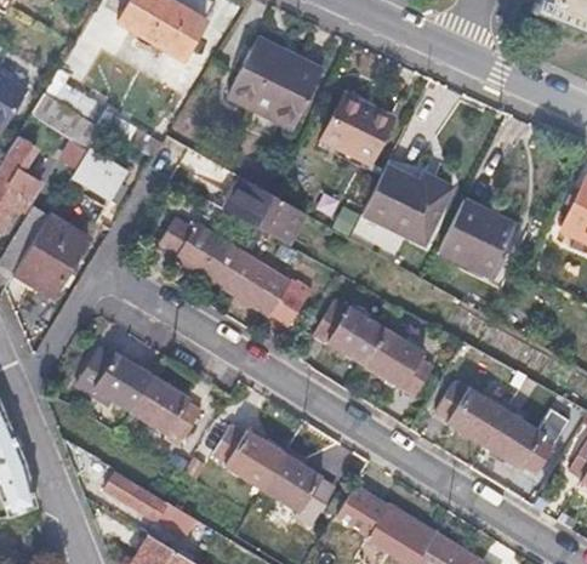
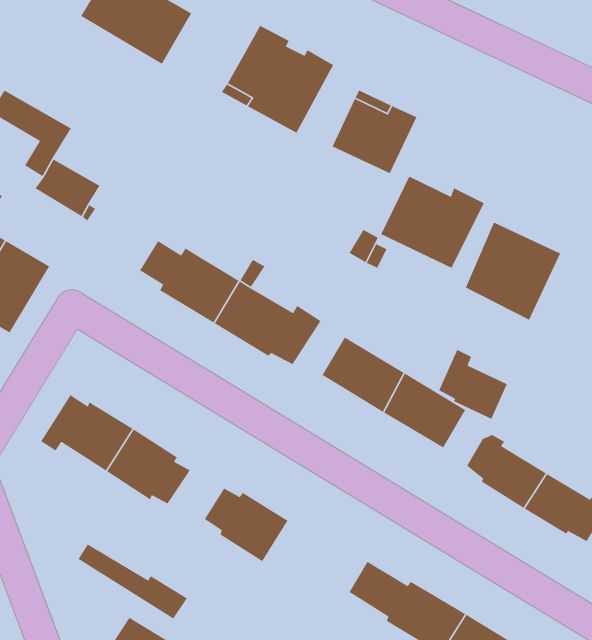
building: [226,175,306,241] -> none
building: none -> [438,349,508,420]
building: [263,454,332,517] -> none

